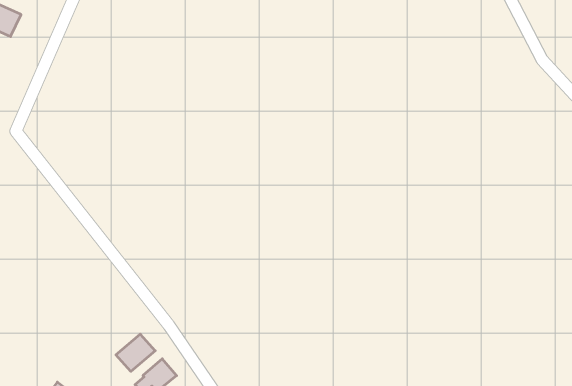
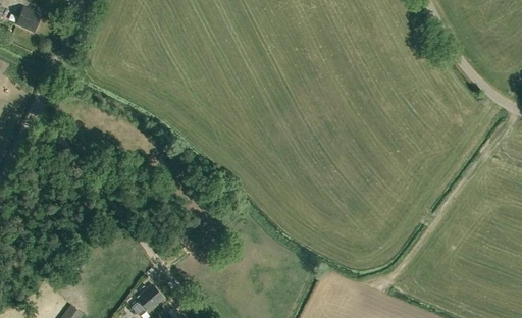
building: [116,334,155,371] -> none

